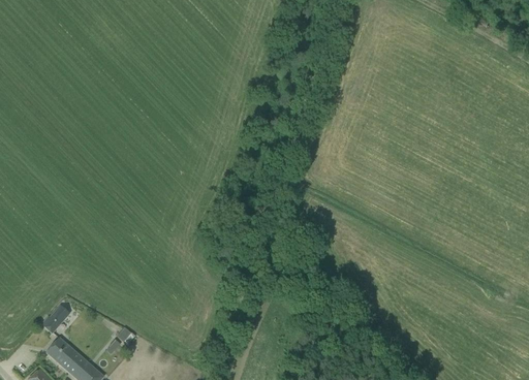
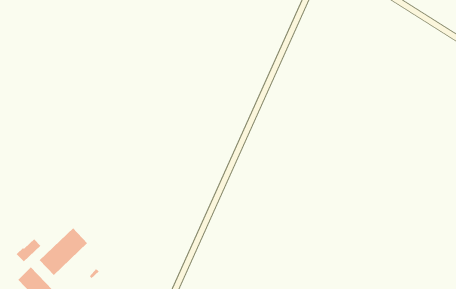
building: none -> [39,227,88,276]

